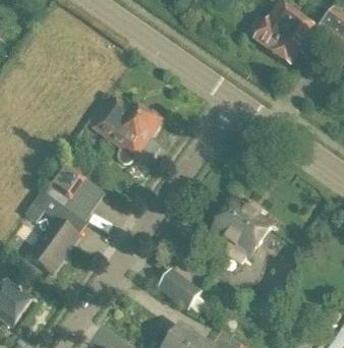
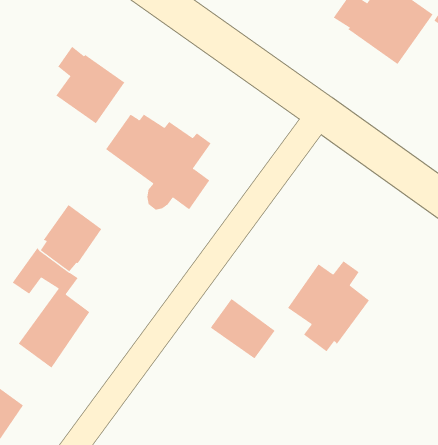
building: none -> [56,46,125,124]
building: [69,179,105,216] -> none
building: [157,268,202,309] -> [210,298,275,359]

